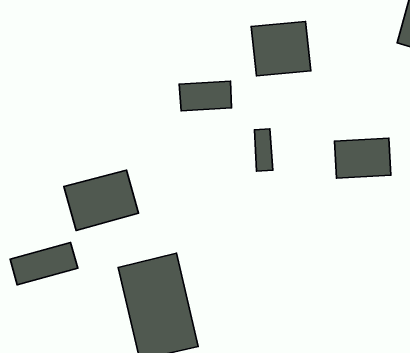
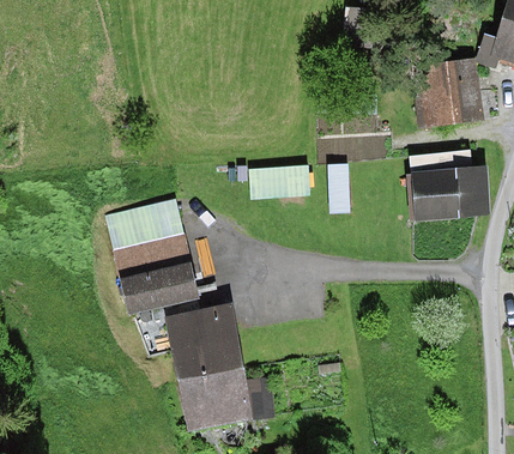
building: [251,21,311,76] -> [412,59,482,122]
building: [179,81,231,111] -> [244,161,306,195]
building: [10,243,78,285] -> [125,267,204,316]

